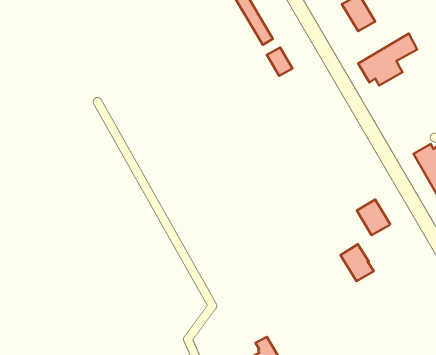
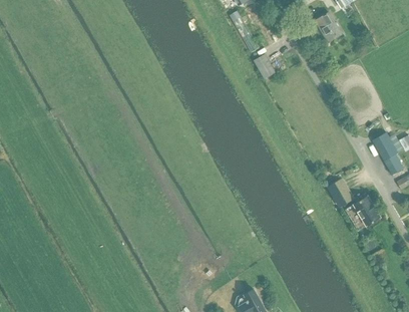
building: [358,34,417,86] -> none
building: [340,244,374,281] -> [353,195,380,225]

